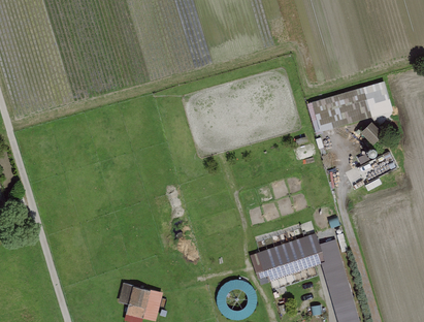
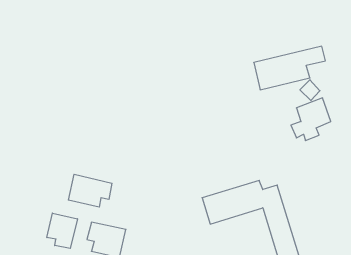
building: none -> [68,174,112,207]
building: none -> [47,213,77,248]

